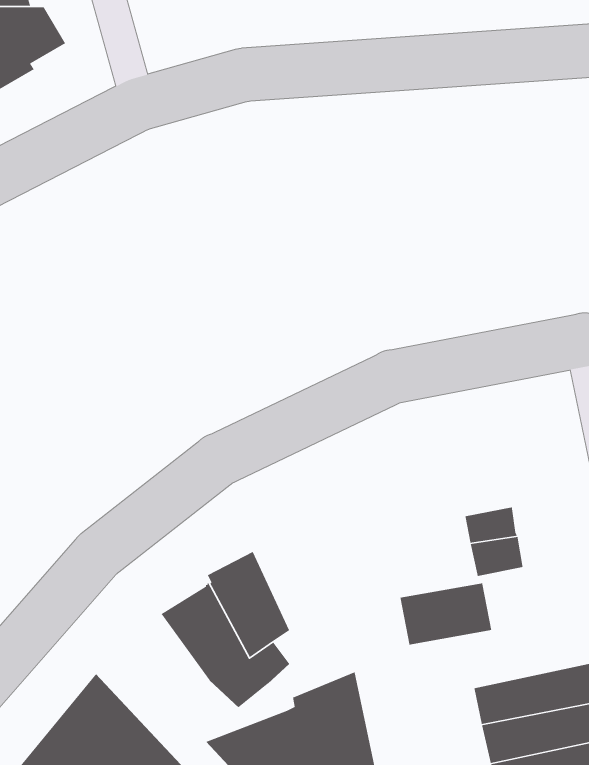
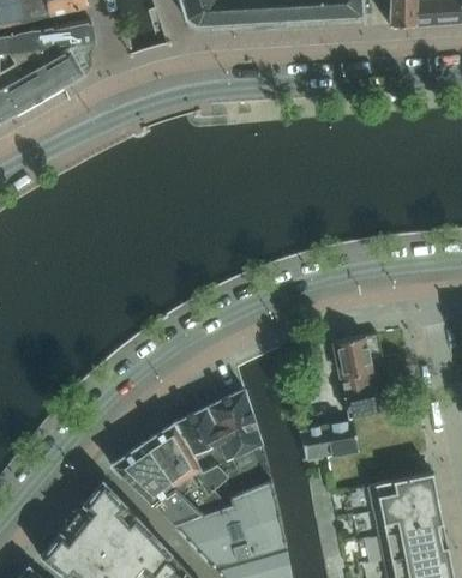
building: none -> [335,333,383,379]
building: none -> [205,385,270,487]
building: none -> [112,442,227,525]

